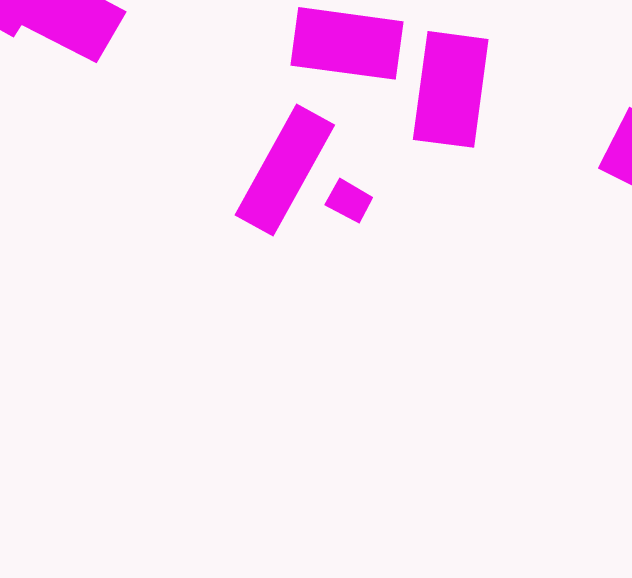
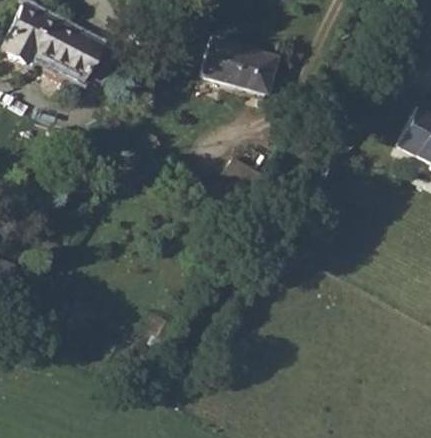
building: [412,30,489,149] -> none
building: [233,102,336,238] -> none

